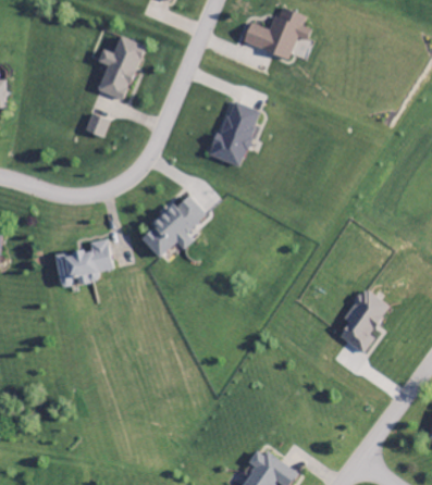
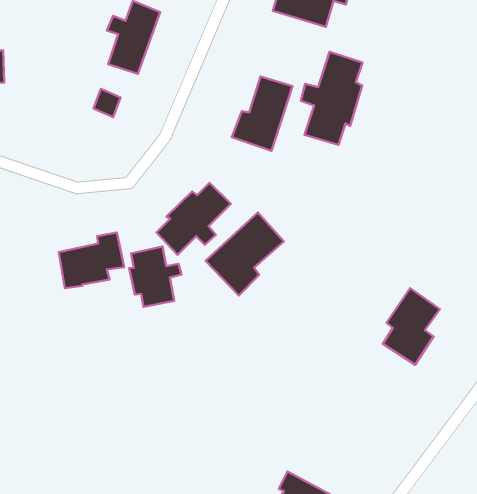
building: none -> [301,52,362,145]
building: none -> [206,213,284,296]
building: none -> [129,247,182,307]

